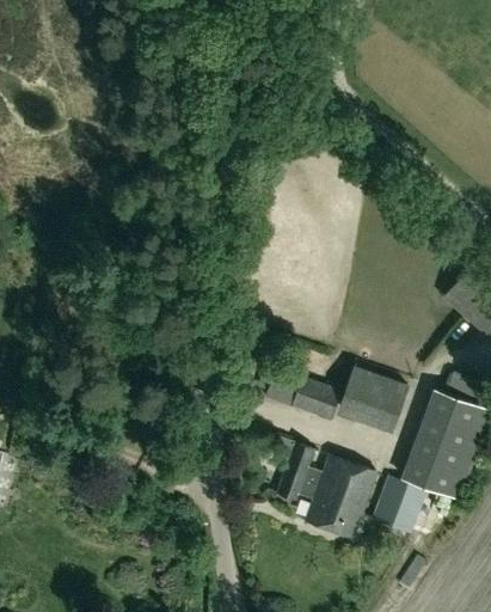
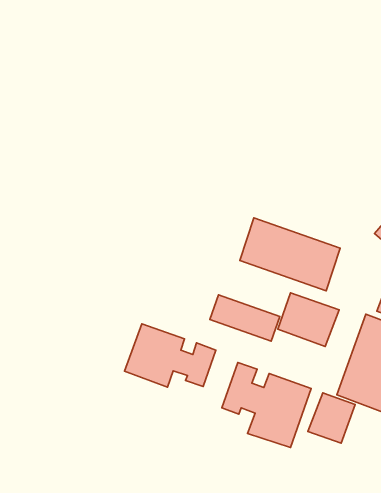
building: none -> [240,218,340,291]
building: none -> [125,324,216,387]

